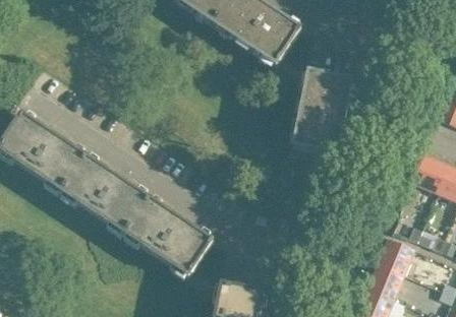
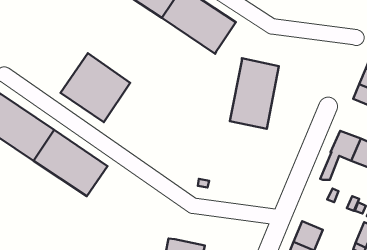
building: none -> [61,53,130,122]
building: [124,198,213,276] -> none
building: [379,239,417,276] -> none

